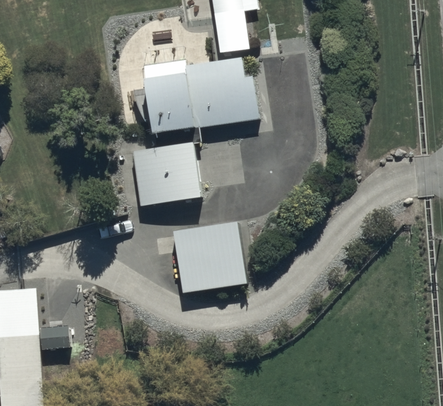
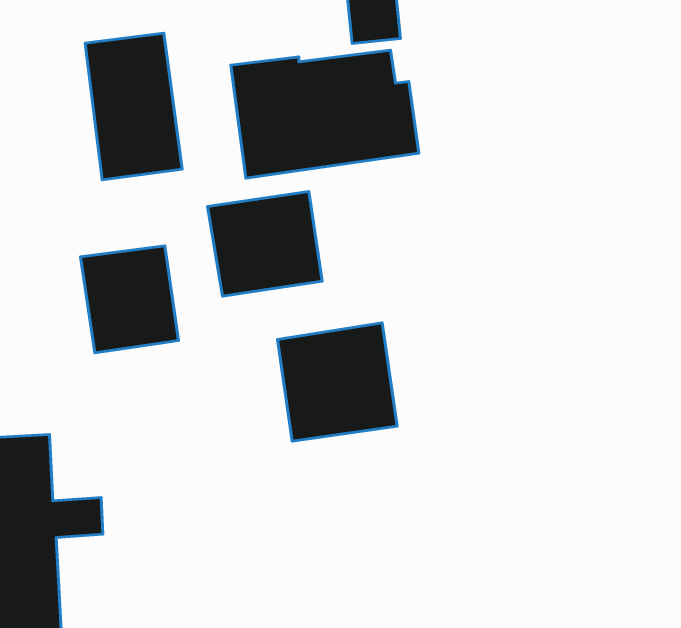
building: none -> [85,33,182,180]
building: none -> [81,246,179,353]

